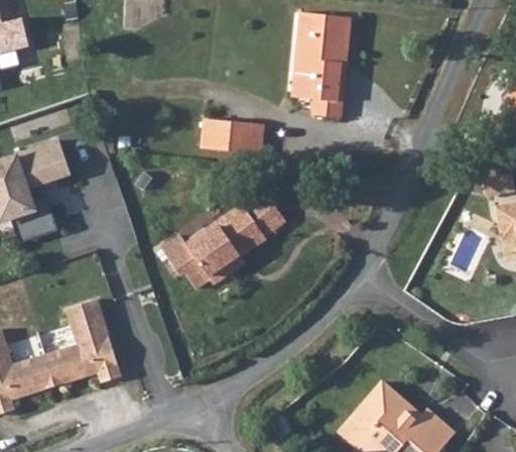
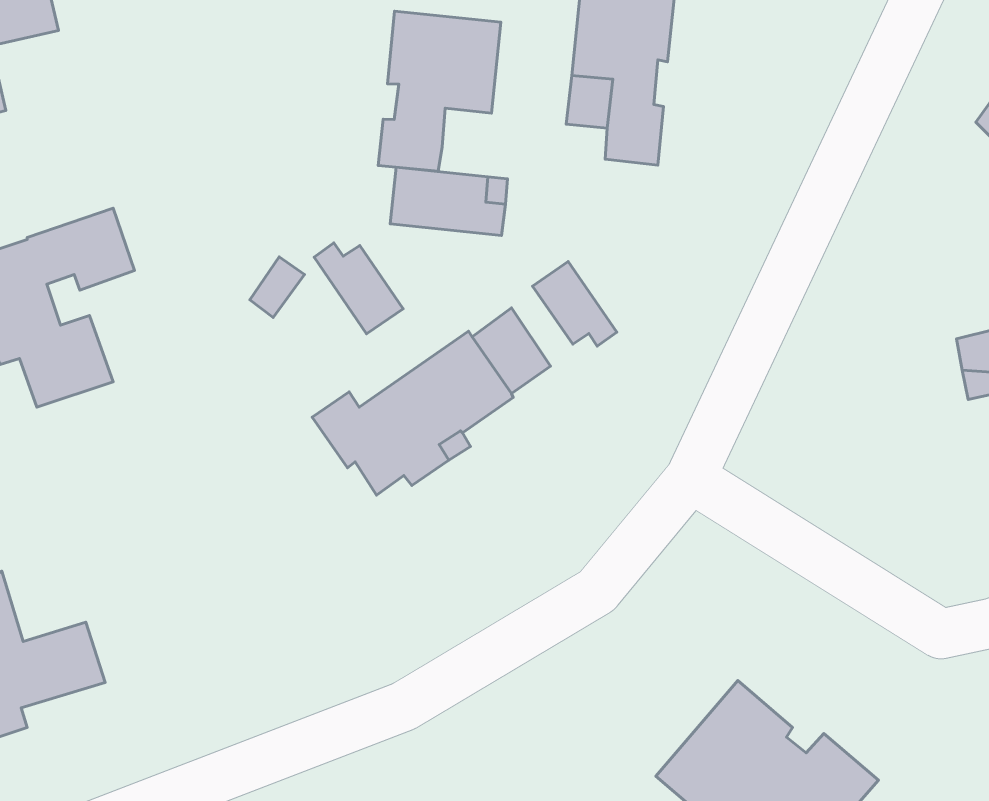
building: none -> [378,11,501,171]
building: none -> [314,243,403,334]
building: none -> [533,262,617,346]
building: [44,299,121,385] -> none

